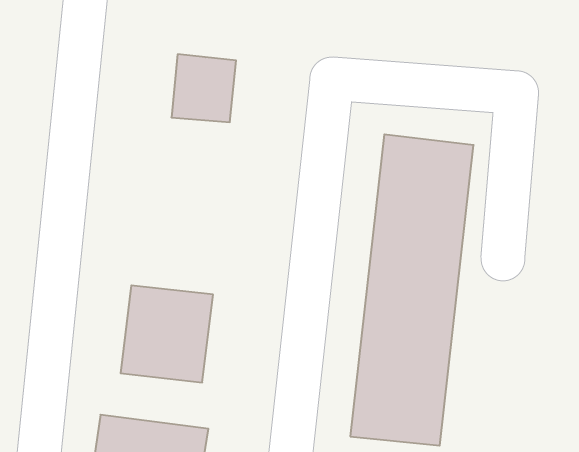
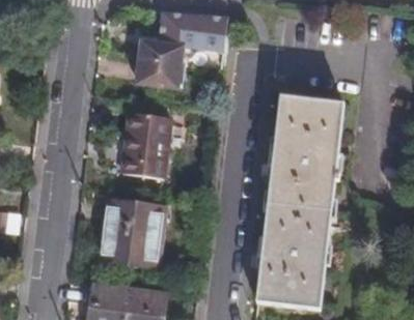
building: none -> [161,13,229,52]
building: none -> [125,116,170,179]

